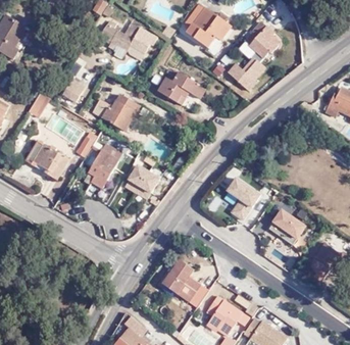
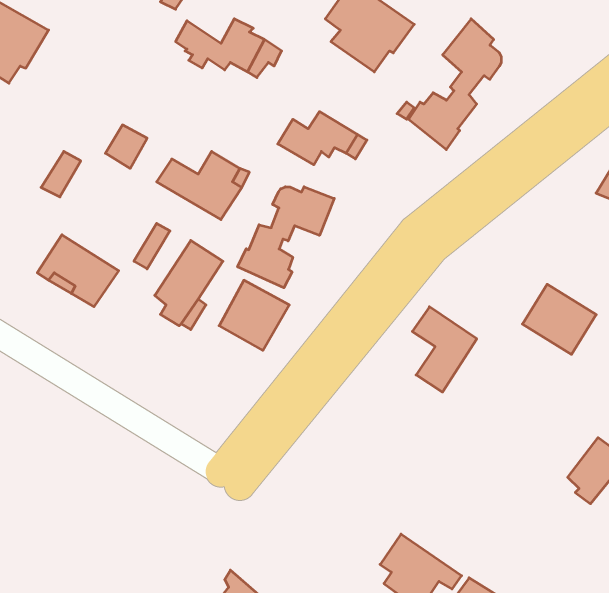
building: none -> [238,187,334,288]
building: [267,207,307,245] -> [522,284,596,354]
building: [164,263,202,304] -> none

